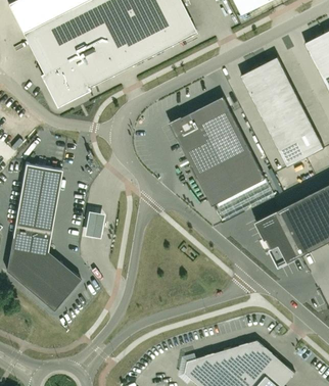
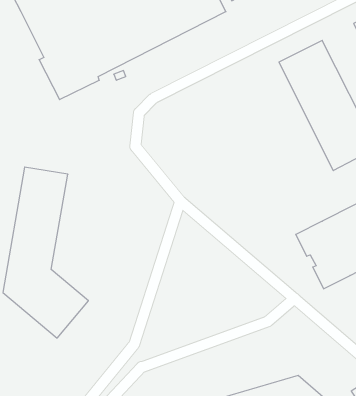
building: [171,97,266,206] -> none
building: [85,213,104,240] -> none

